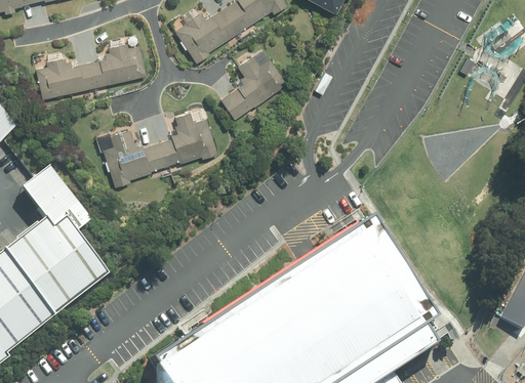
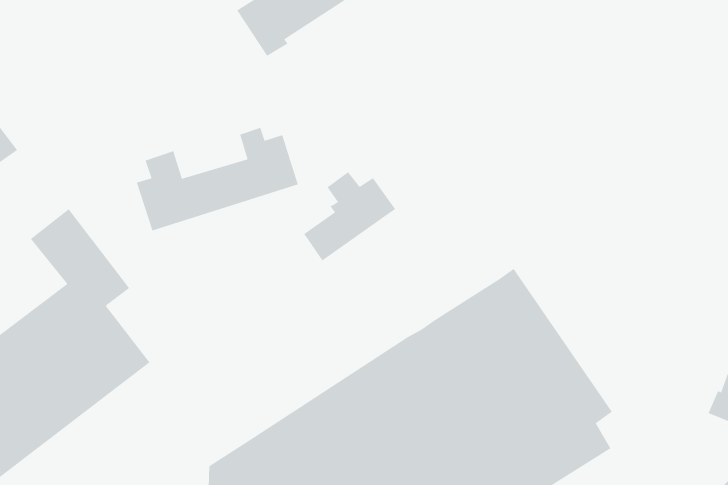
building: [36,43,145,99] -> none
building: [220,55,286,119] -> [303,171,396,262]

